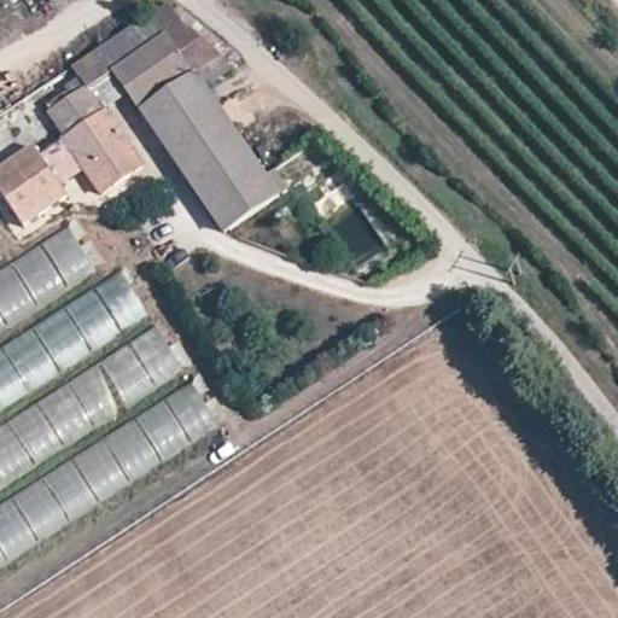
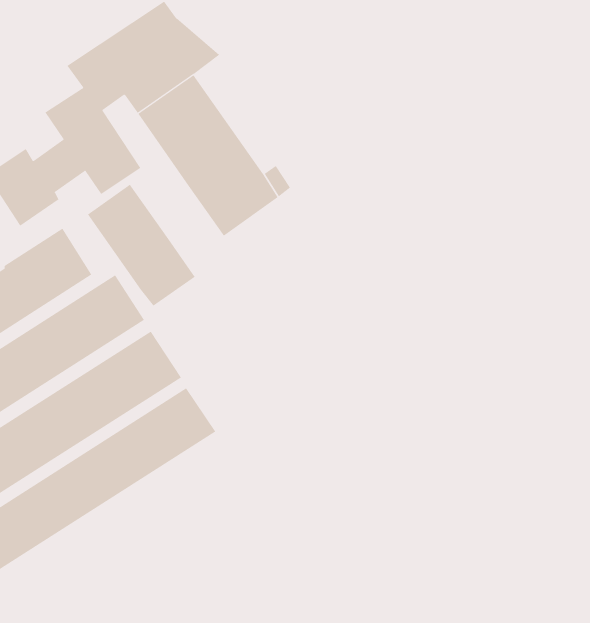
building: none -> [87,184,196,307]

